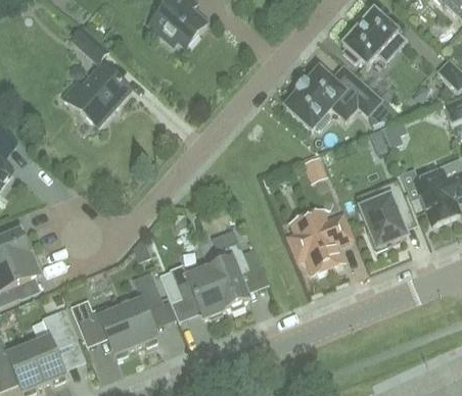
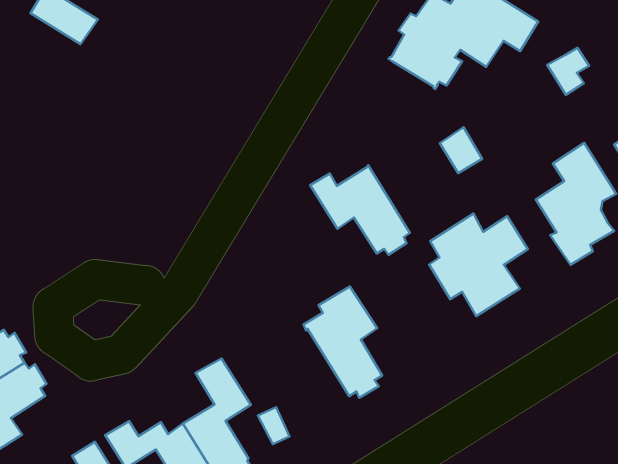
building: [63,67,130,126] -> none
building: [169,262,225,319] -> [310,165,410,255]

